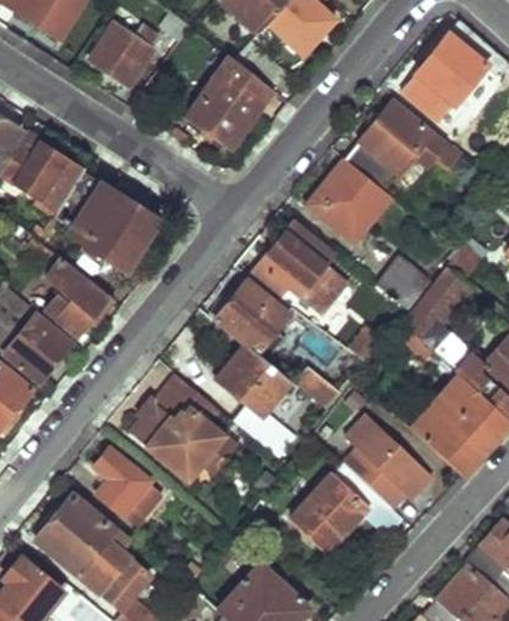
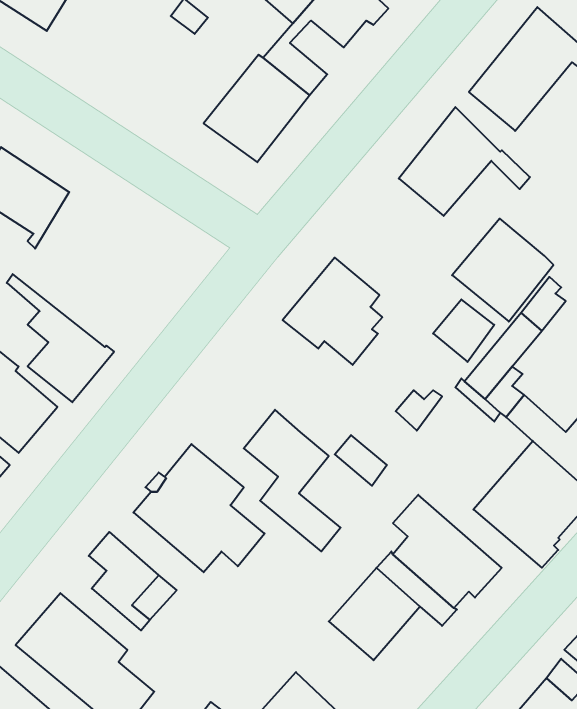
building: [92,24,159,85] -> none
building: [308,159,390,243] -> [452,219,553,322]
building: [52,173,156,264] -> none
building: [216,278,294,365] -> none

